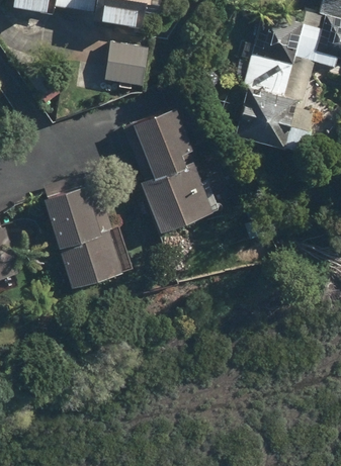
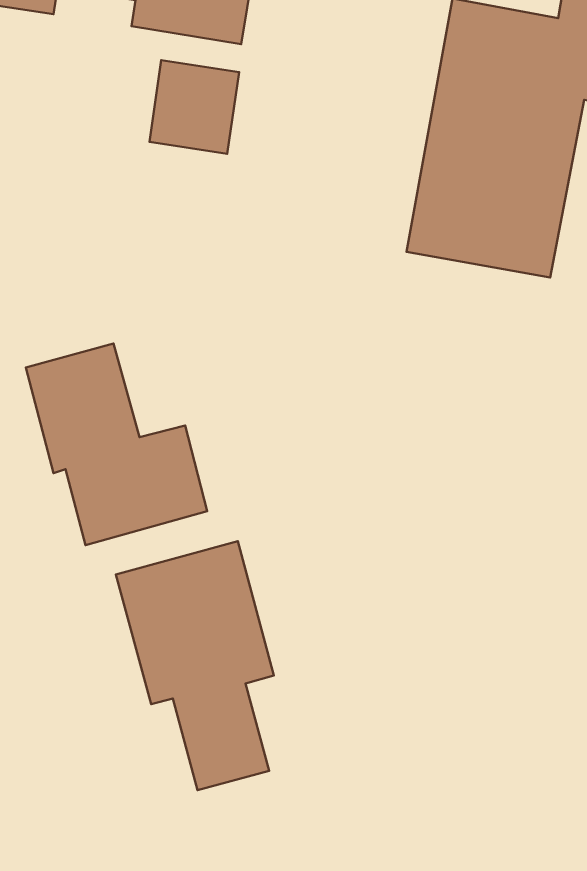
building: [130,108,212,235] -> none
building: none -> [116,541,274,790]

